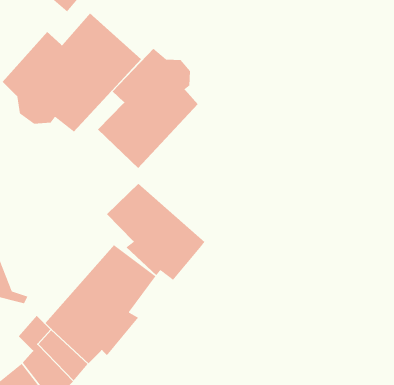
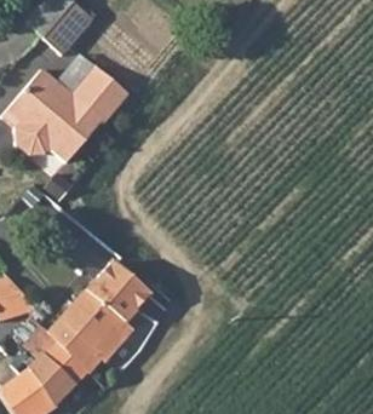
building: [97,48,199,169] -> none
building: [106,183,205,281] -> none

